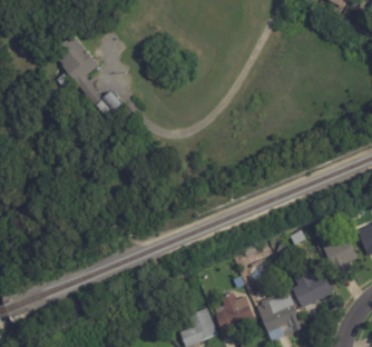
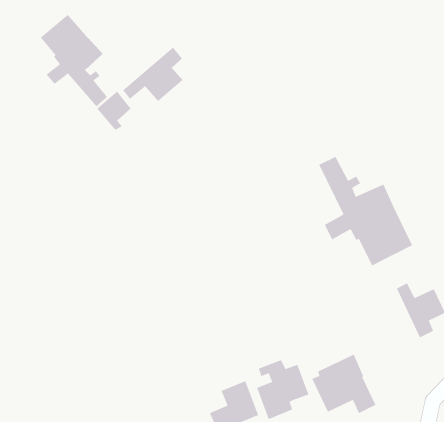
building: none -> [122,47,184,102]
building: none -> [318,156,413,266]
building: [292,266,332,307] -> none

